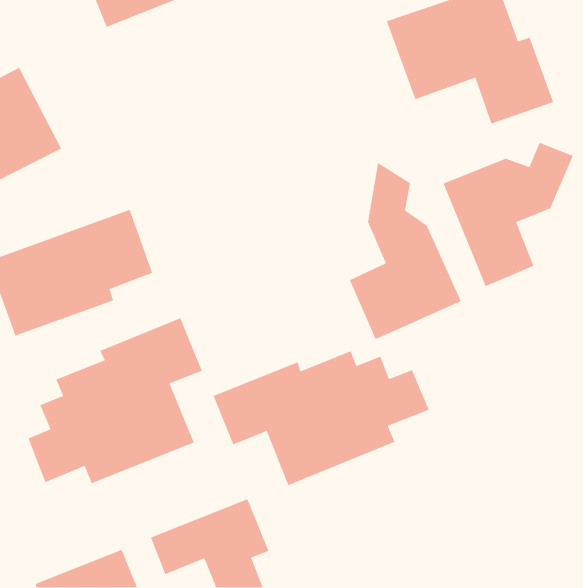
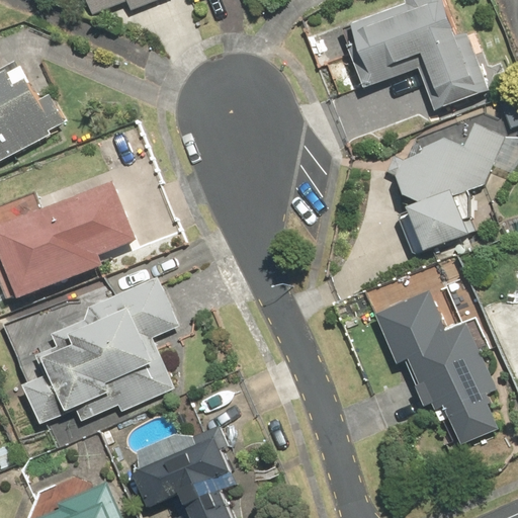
building: [349,162,462,340] -> none
building: none -> [376,293,498,446]
building: [213,350,430,486] -> none

